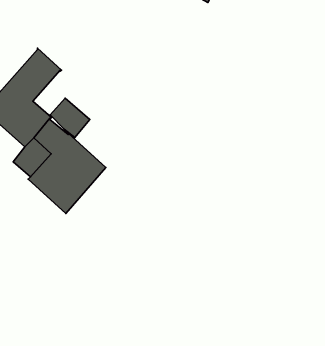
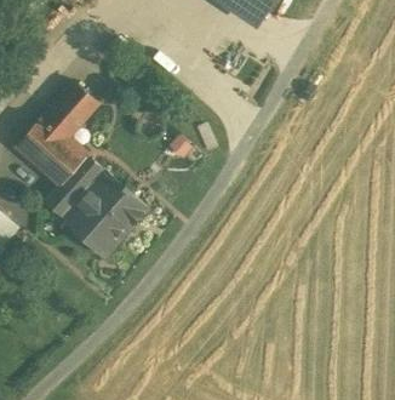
building: [50,98,90,138] -> none

